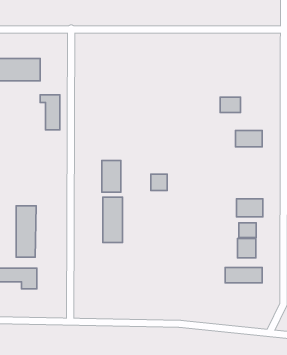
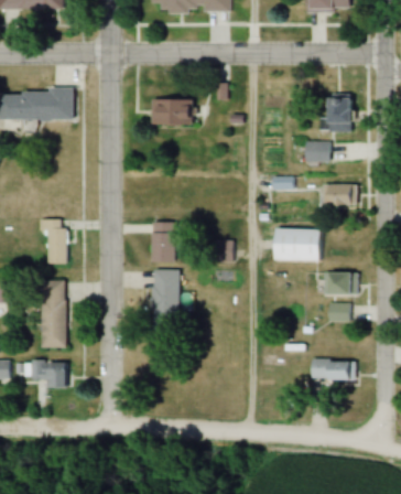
building: none -> [324,96,349,130]
building: none -> [152,98,192,125]
building: [40,95,60,130] -> [42,218,67,264]
building: none -> [273,228,319,261]
building: [237,238,256,258] -> none

